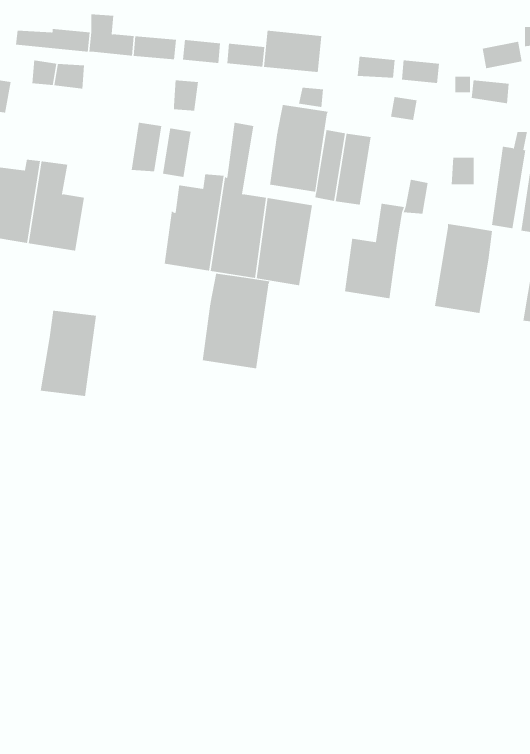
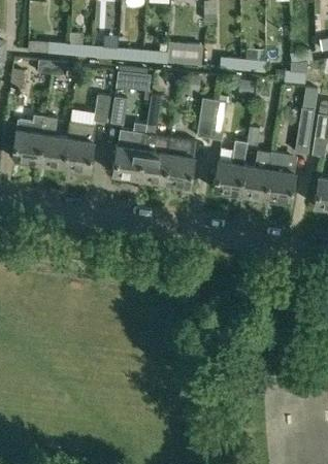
building: [269,104,328,192] -> none
building: none -> [239,151,271,197]
building: [202,273,270,369] -> none
building: [40,310,97,396] -> [63,121,95,169]

